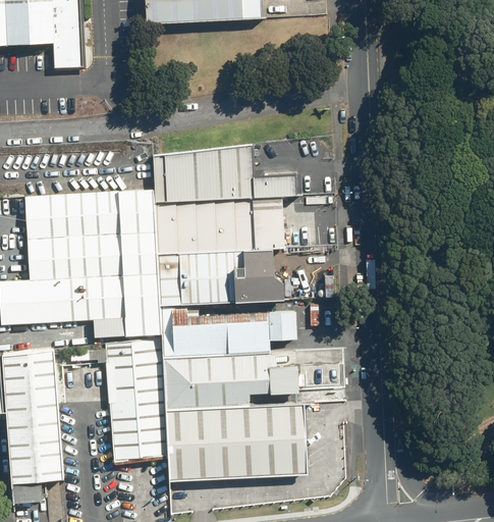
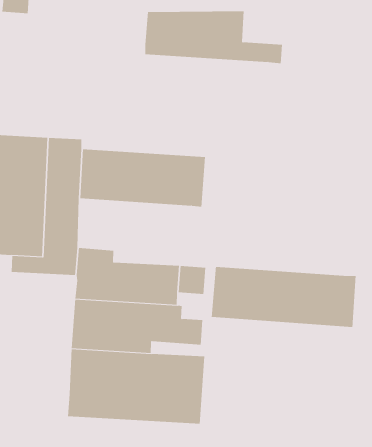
building: [151,144,296,201] -> [144,11,283,64]
building: [156,248,286,304] -> none
building: none -> [211,266,356,328]
building: [104,338,167,465] -> none

